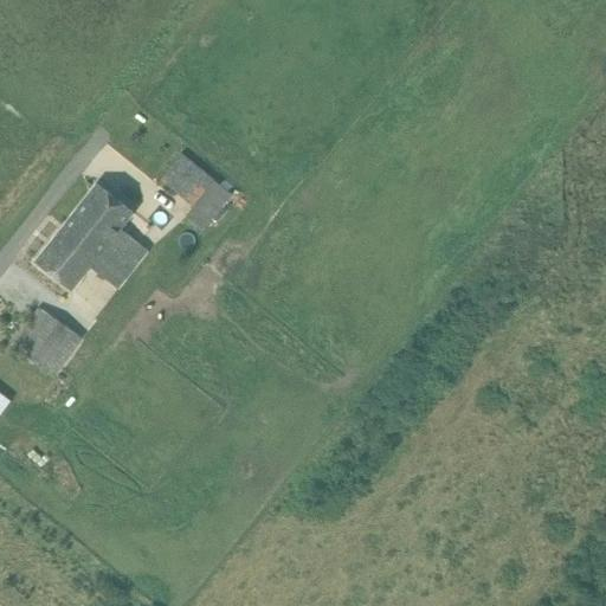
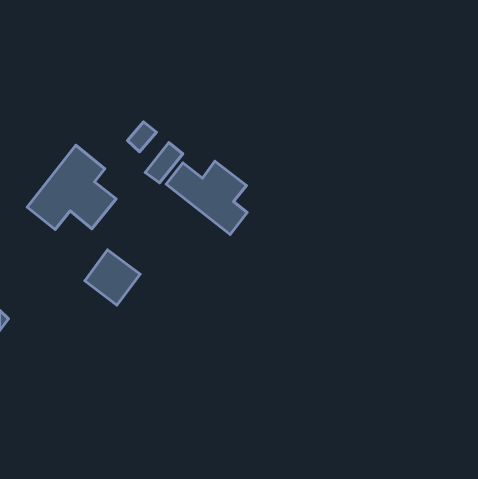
building: none -> [166,161,247,235]
building: [13,305,83,375] -> [85,250,140,305]

